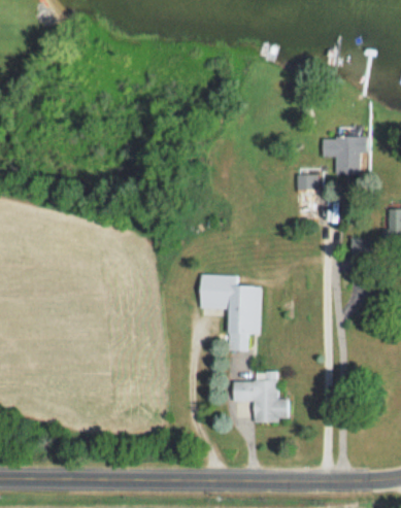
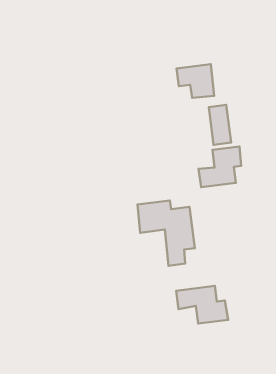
building: [323,136,363,173] -> [177,64,214,98]
building: none -> [199,146,241,187]

